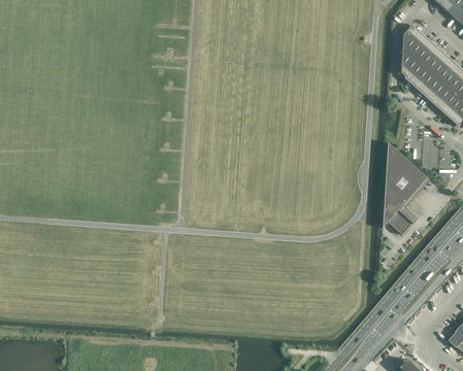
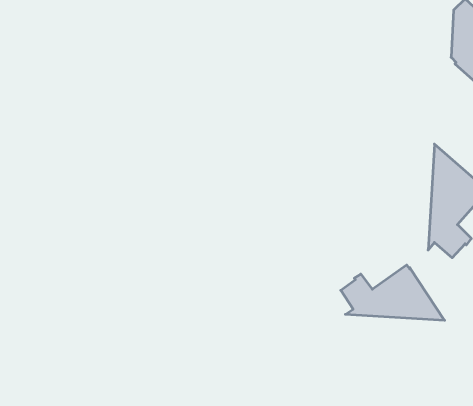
building: none -> [341,265,445,320]

